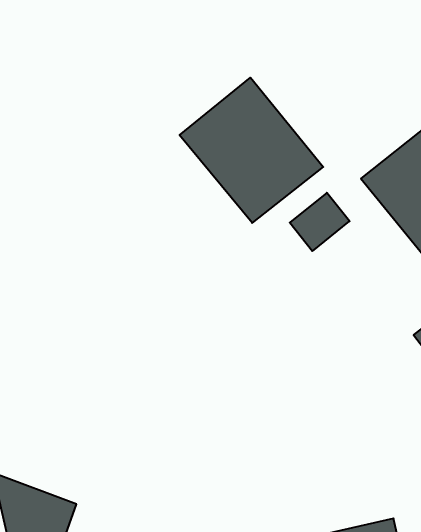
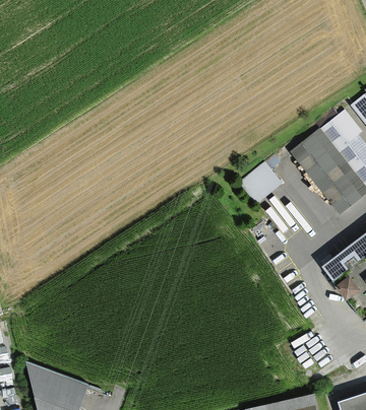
building: [180,78,323,223] -> none

